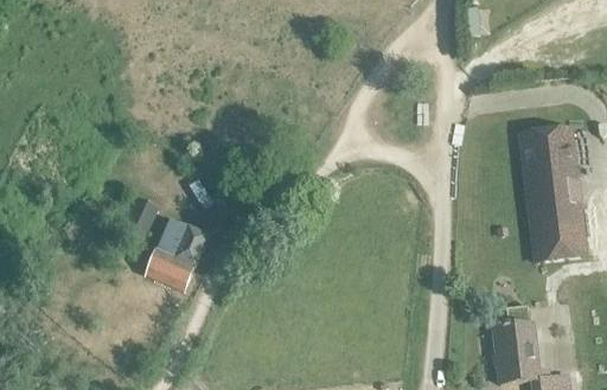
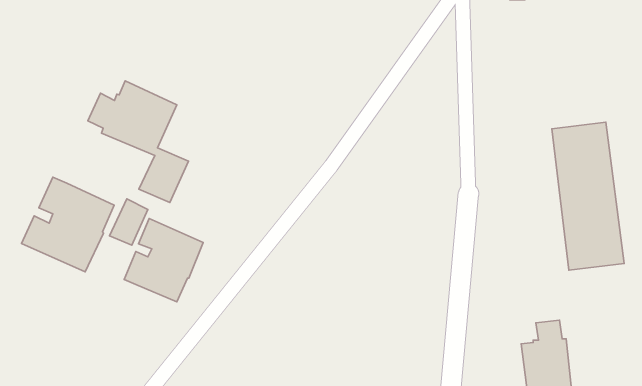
building: none -> [88,81,188,203]
building: none -> [21,177,114,272]

